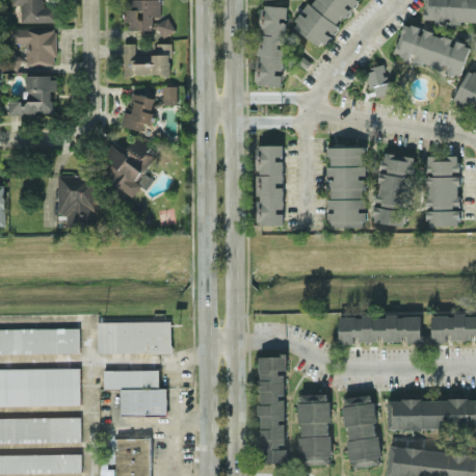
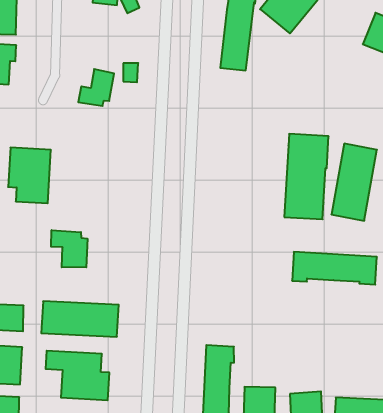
building: [123,44,171,77] -> none
building: [365,63,394,98] -> none
building: [103,140,156,197] -> none
building: [257,146,284,227] -> none
building: none -> [51,230,87,267]
building: [340,317,421,345] -> [292,252,377,285]

